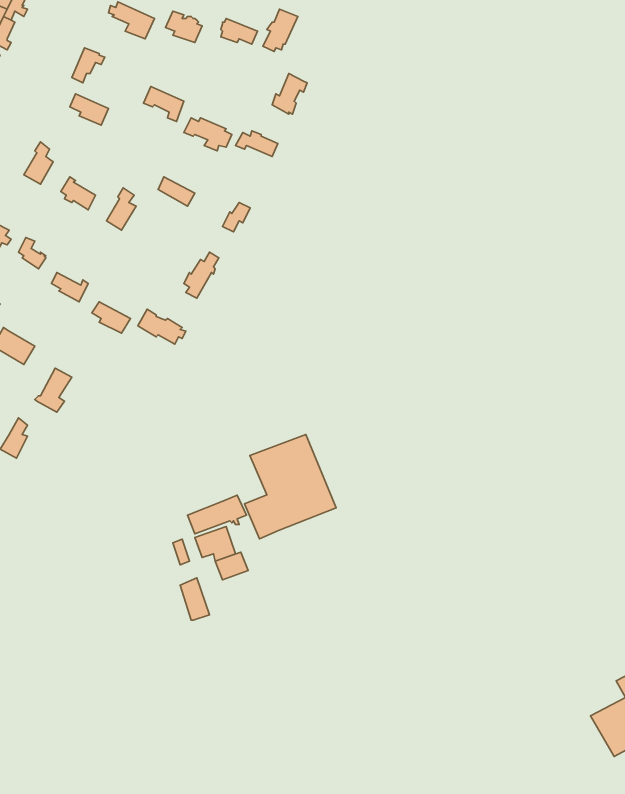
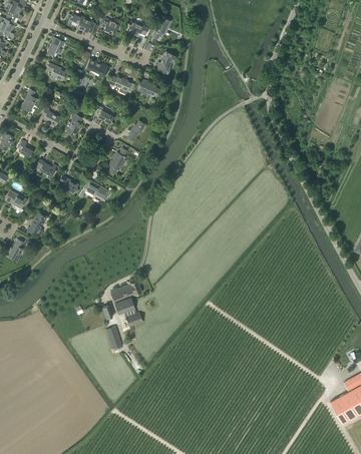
building: [244,434,336,539] -> none

